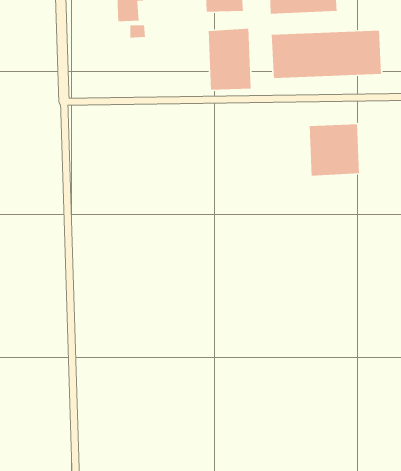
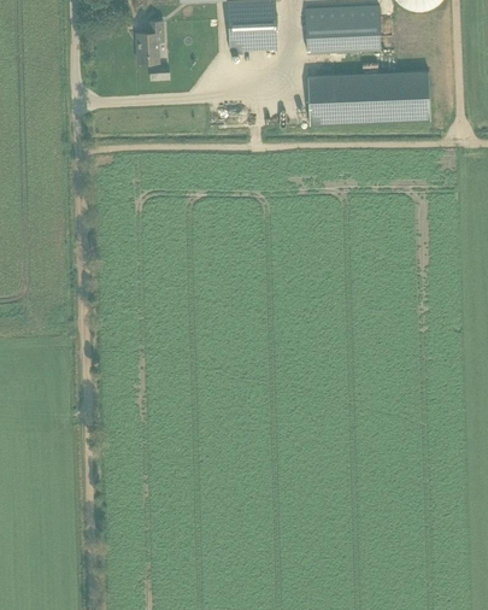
building: [208,28,252,91] -> none
building: [309,124,360,176] -> none

